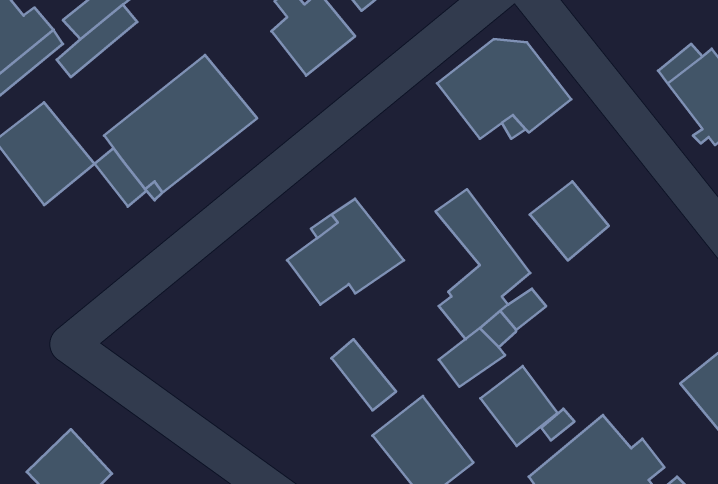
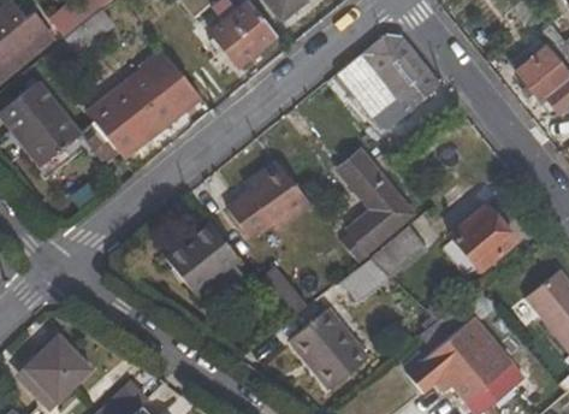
building: [530,181,609,260] -> [452,207,512,267]
building: none -> [165,220,241,292]
building: [480,366,557,446] -> none

